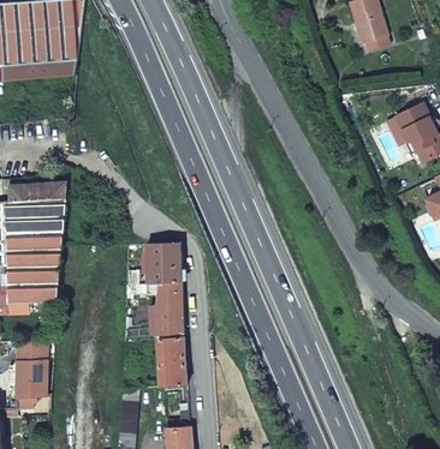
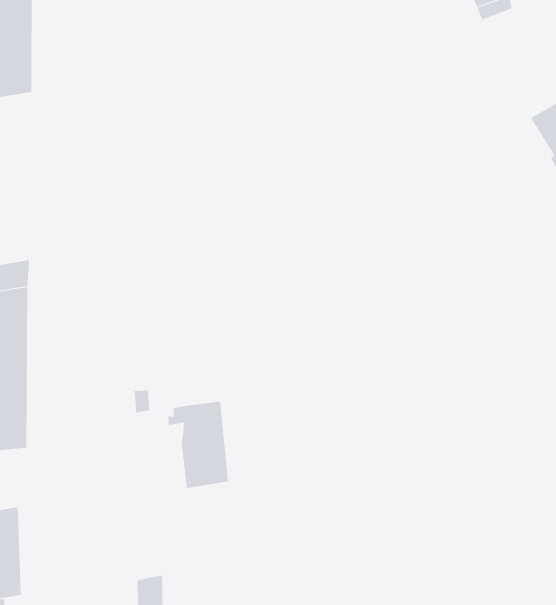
building: [142,243,182,283] -> none
building: [156,337,186,387] -> none

